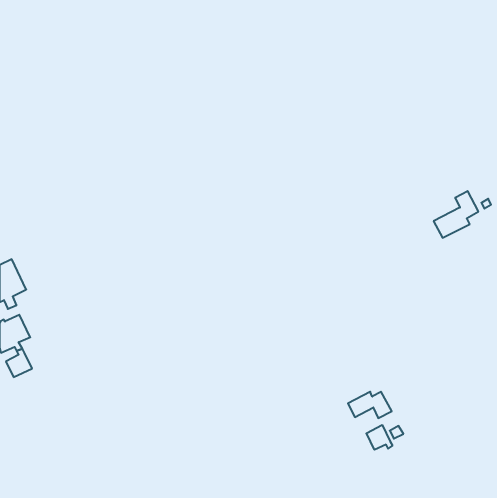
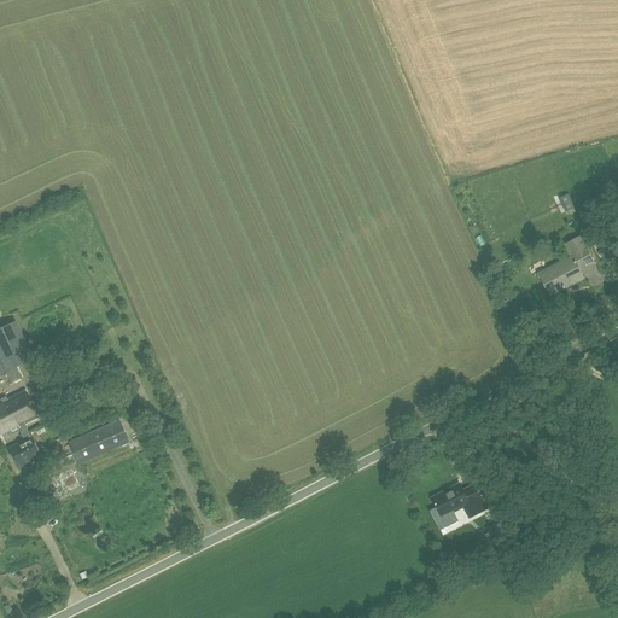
building: none -> [66,420,129,464]
building: [366,425,392,450] -> none

